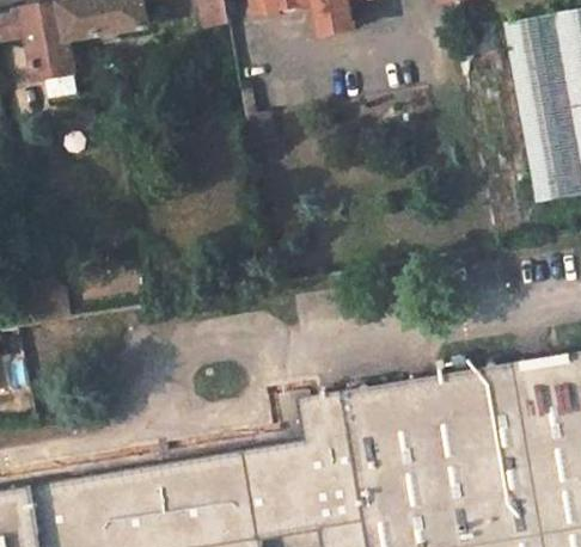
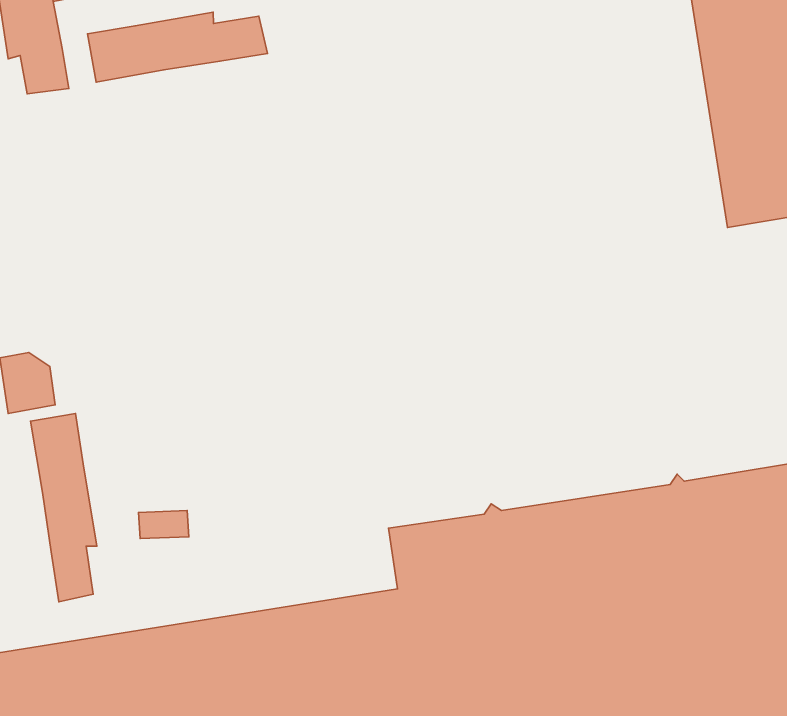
building: none -> [88,12,267,82]
building: none -> [31,414,97,602]

